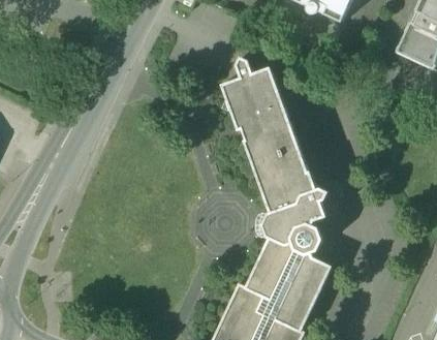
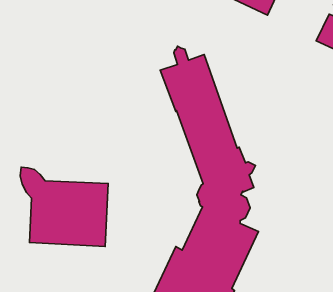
building: none -> [20,167,108,246]

